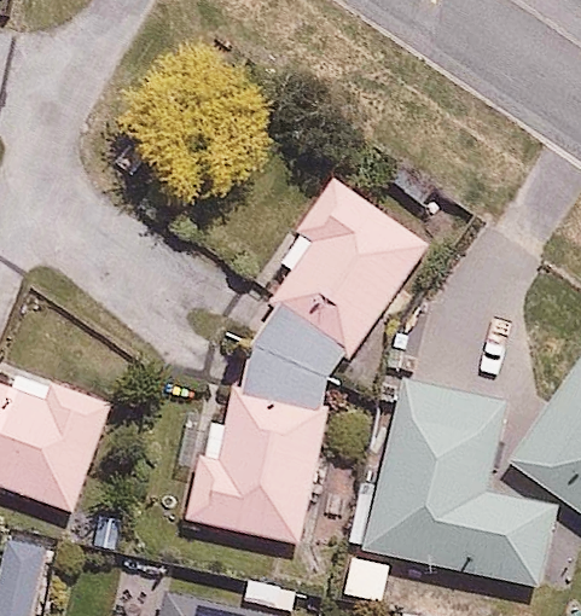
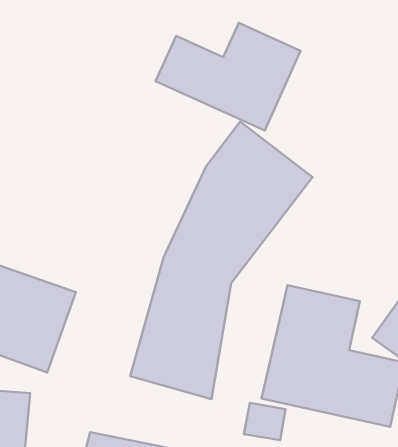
building: none -> [156,23,300,131]

